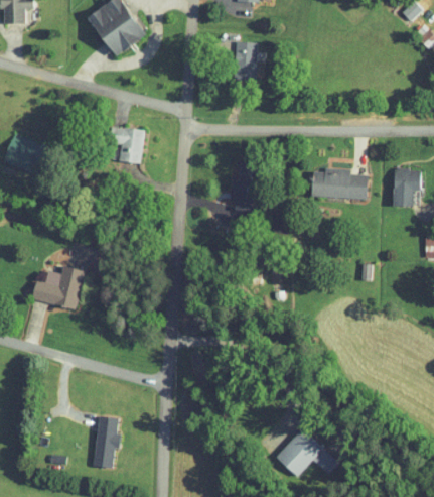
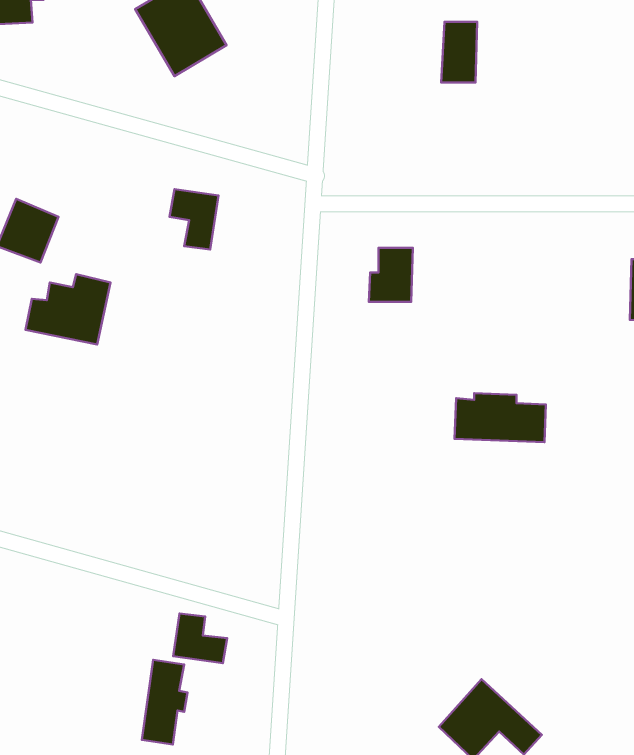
building: [235,41,257,79] -> [441,22,477,82]
building: [312,167,369,198] -> [455,393,546,442]
building: [32,265,85,308] -> [25,274,110,344]
building: none -> [173,613,227,663]

